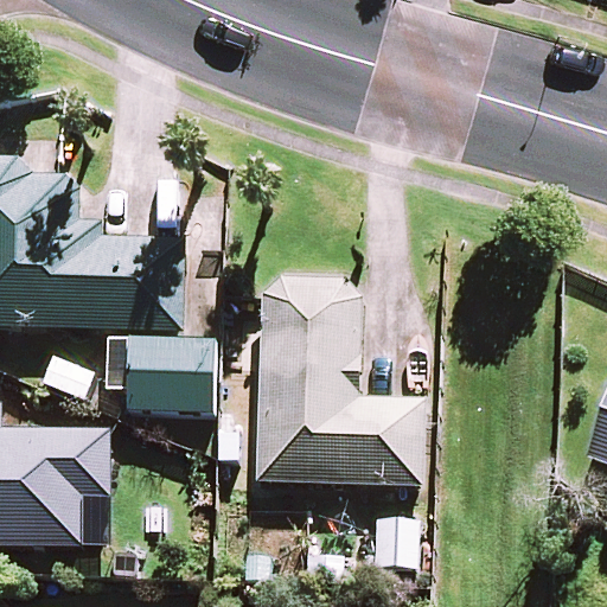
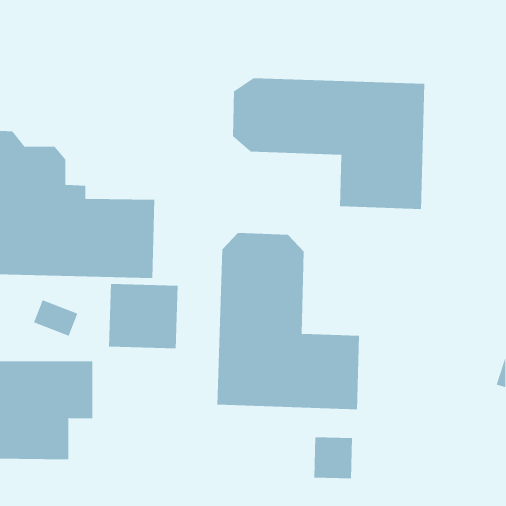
building: none -> [232,78,425,210]

